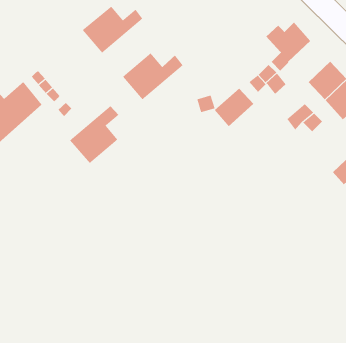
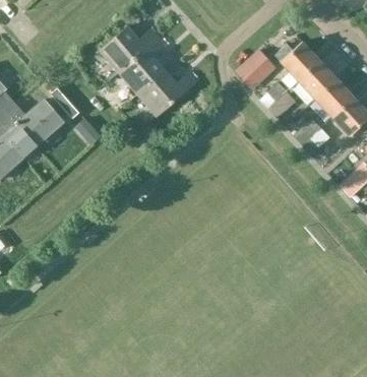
building: none -> [298,60,338,100]
building: [214,88,254,127] -> [236,51,274,88]
building: [69,105,119,164] -> [119,39,167,95]

